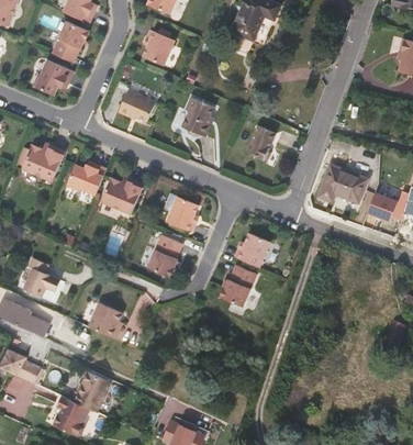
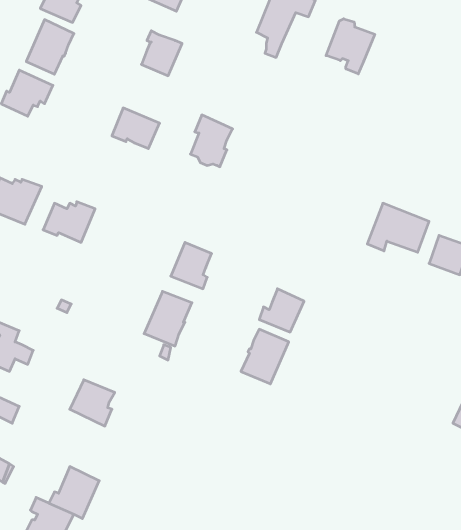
building: none -> [326,19,375,74]
building: [246,124,276,160] -> none
building: [100,177,143,213] -> none

